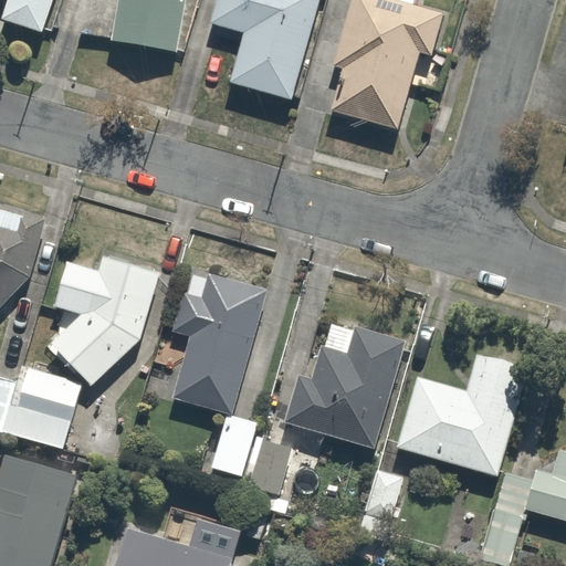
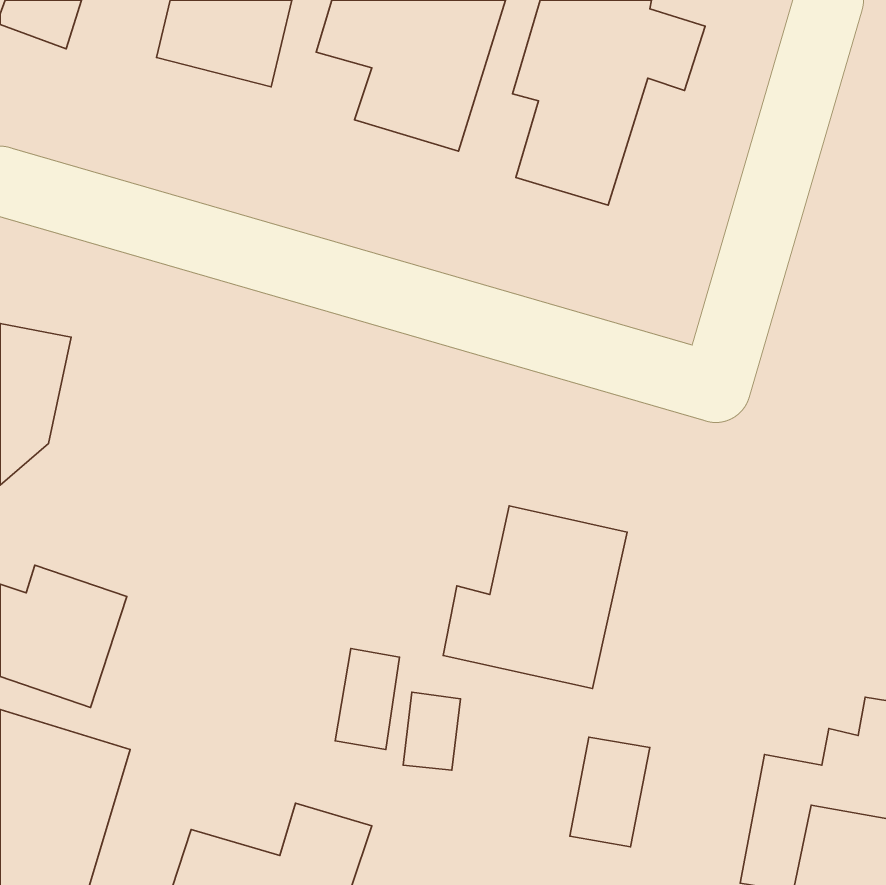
building: [48,253,160,387] -> none
building: [166,274,253,407] -> none
building: [391,342,538,478] -> none

